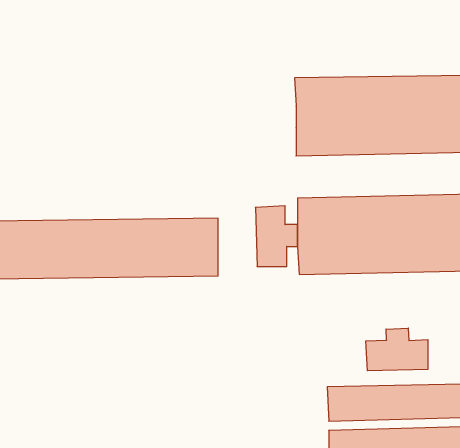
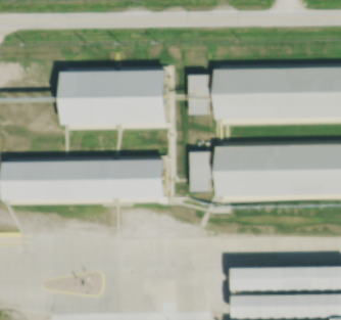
building: none -> [60,67,166,123]
building: none -> [188,73,215,113]
building: [366,328,428,371] -> none

